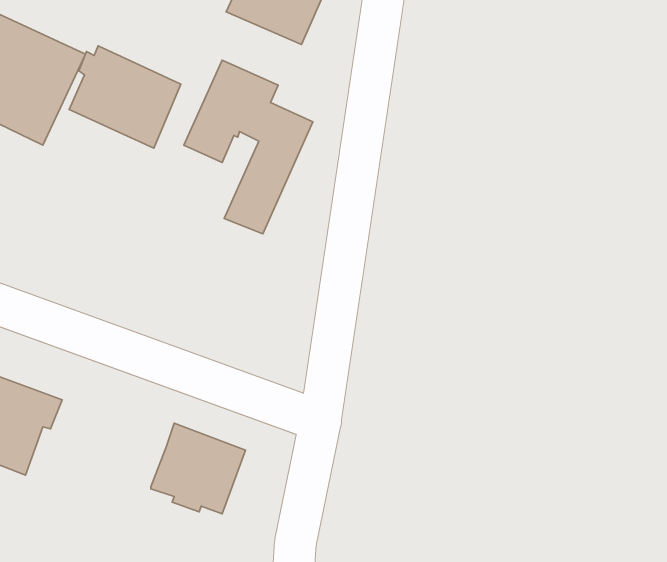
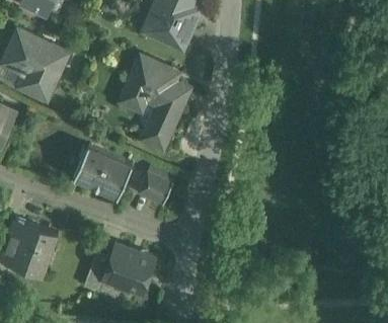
building: [69,46,181,148] -> [73,145,132,198]
building: none -> [137,171,172,206]
building: none -> [83,252,111,292]

